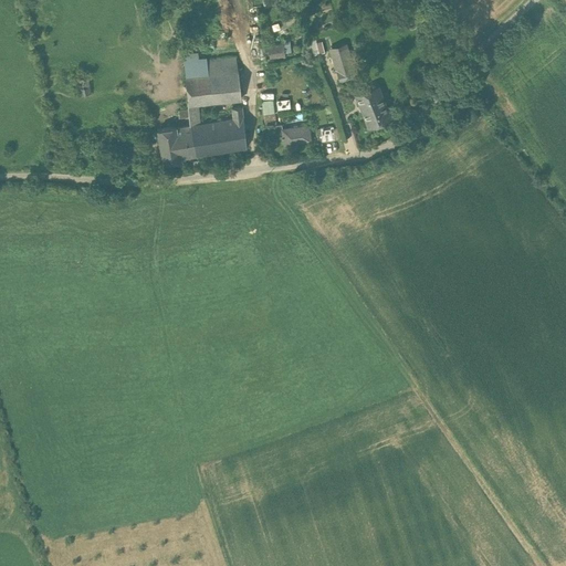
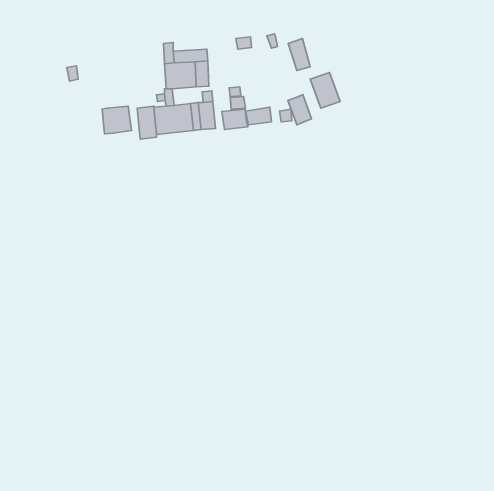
building: none -> [288,95,312,125]
building: none -> [102,106,131,134]
building: none -> [222,109,248,129]

